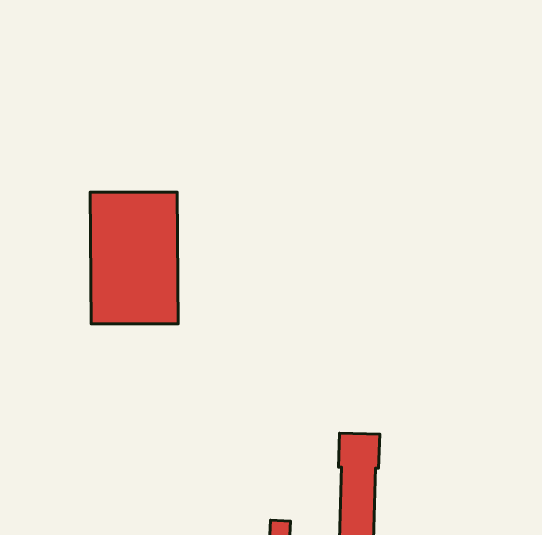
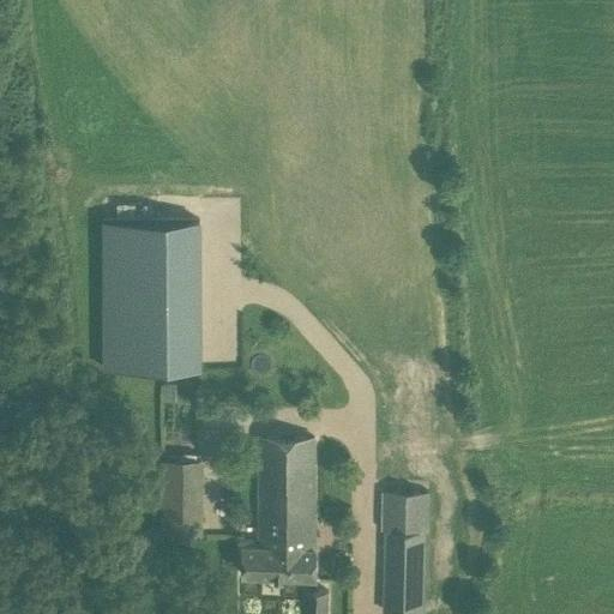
building: none -> [243,443,315,585]
building: none -> [162,465,200,542]

